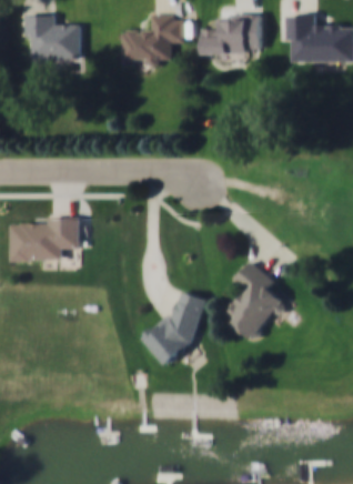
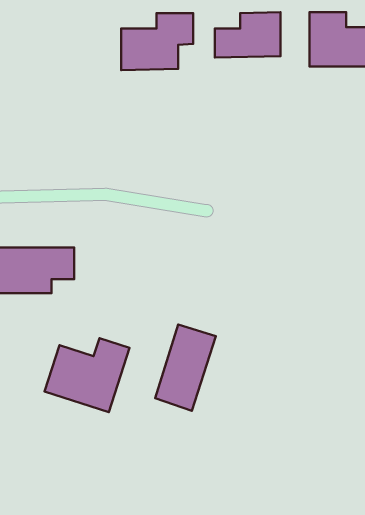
building: [20,16,80,60] -> none
building: [222,260,283,343] -> none
building: none -> [44,338,129,412]

